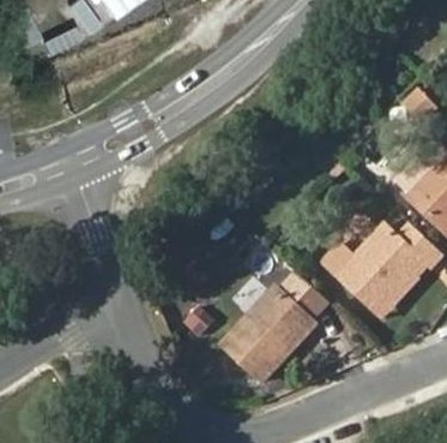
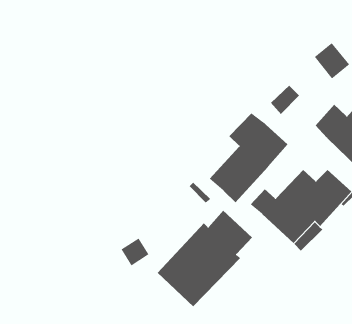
building: none -> [209,112,288,203]

